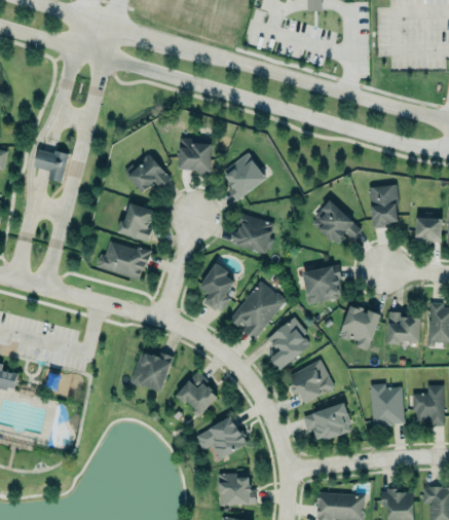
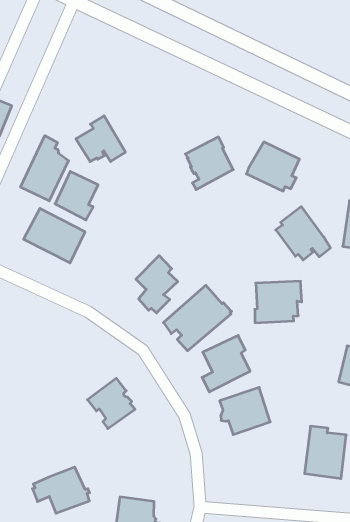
building: [179,138,212,172] -> none
building: none -> [21,136,69,201]
building: [231,213,274,252] -> [246,142,299,191]
building: [339,304,381,349] -> none
building: [130,348,173,392] -> none
building: [302,404,352,442] -> none
building: [197,415,248,457] -> [32,467,90,513]

